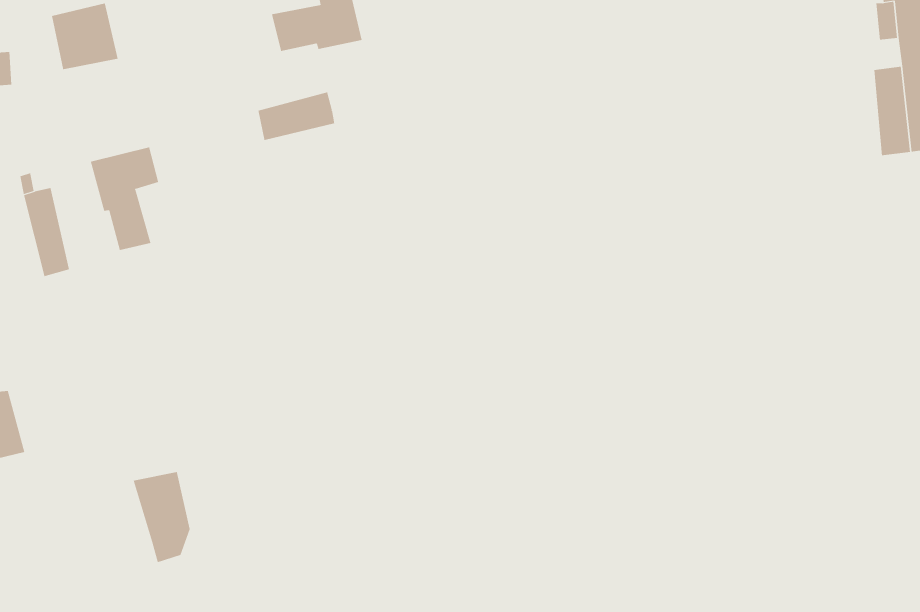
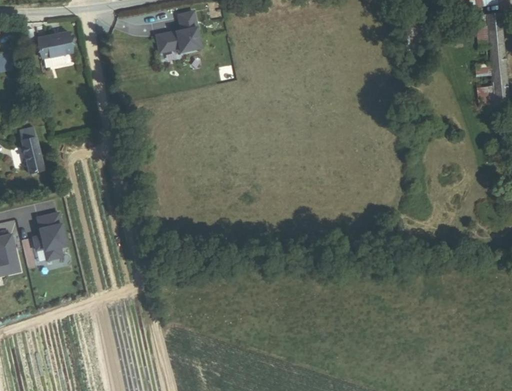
building: [258,91,335,141] -> none
building: [90,146,159,251] -> none
building: [133,471,191,563] -> [34,212,65,261]

